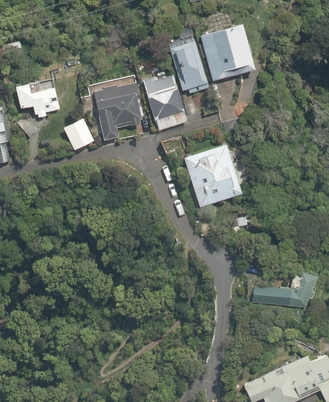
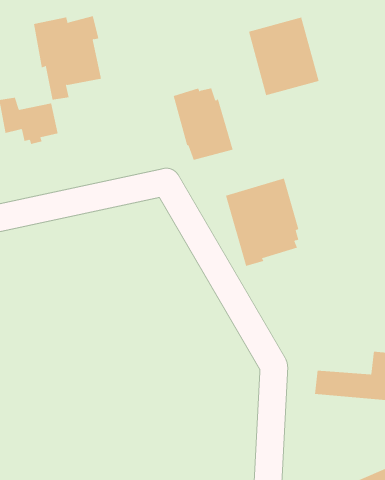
building: [167,38,211,97] -> none
building: [91,77,142,140] -> [33,16,102,100]
building: [62,119,94,151] -> none

